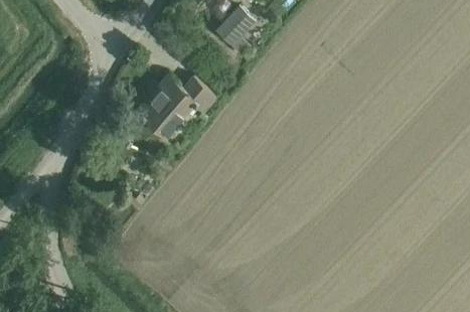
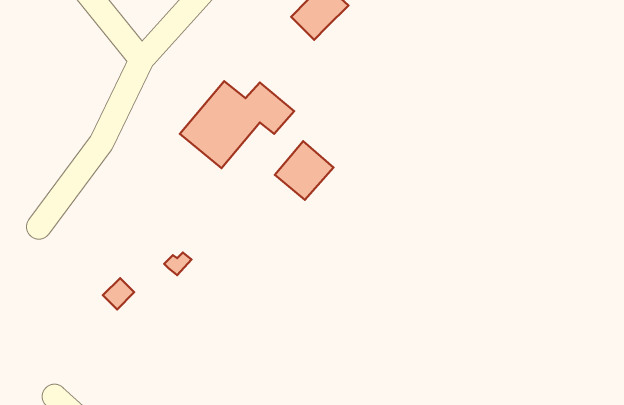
building: none -> [275,141,333,200]

